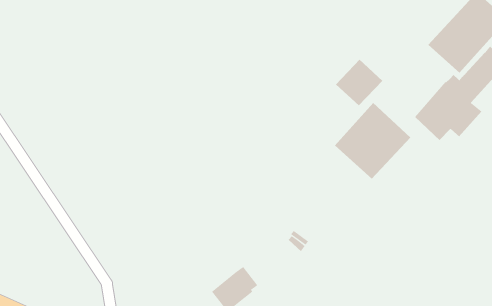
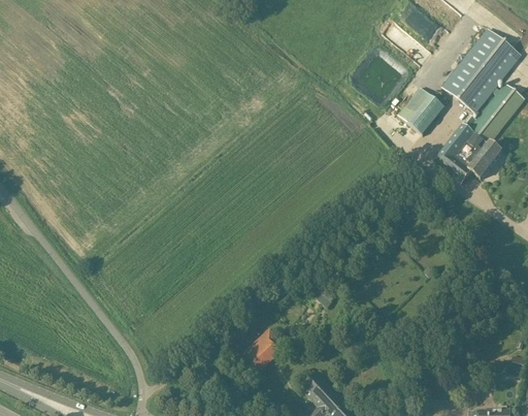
building: [335,59,383,106] -> [397,87,446,135]
building: [334,102,411,180] -> none

